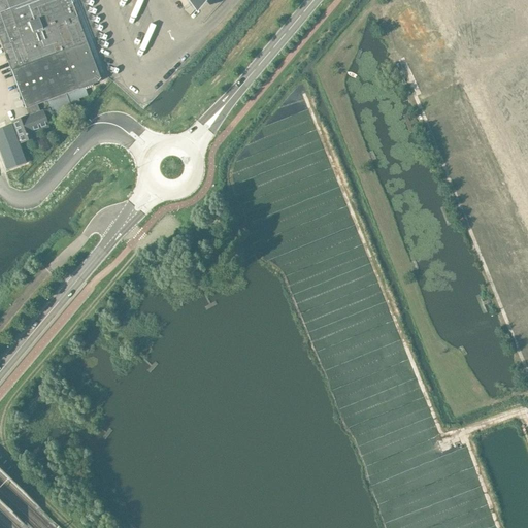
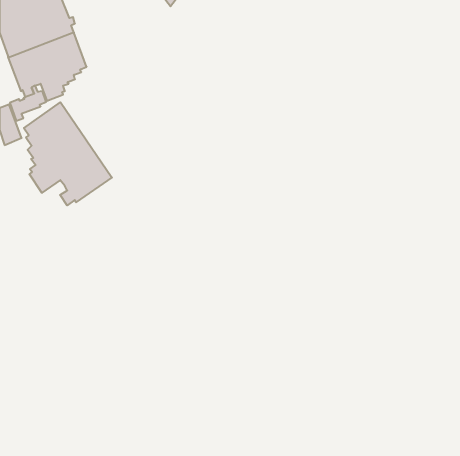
building: none -> [24,102,112,205]

